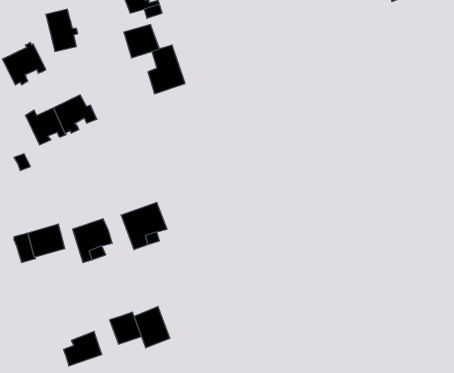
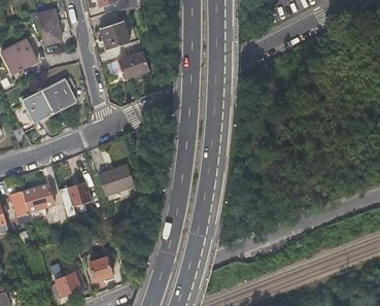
building: [134,306,170,348] -> none

